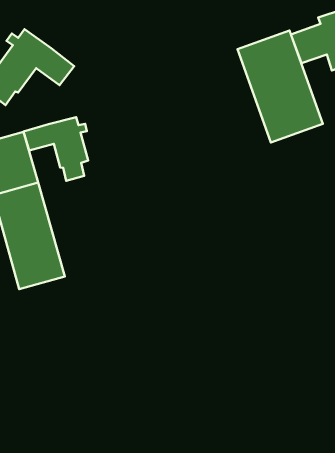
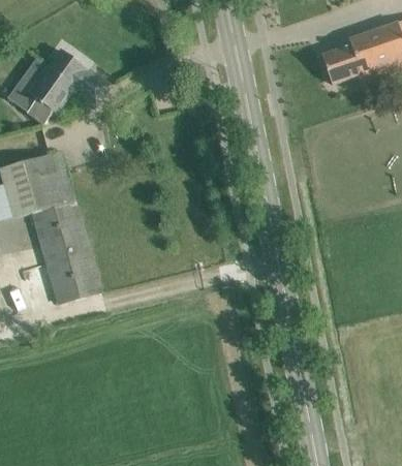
building: [238,31,323,142] -> none
building: [24,117,88,181] -> none

